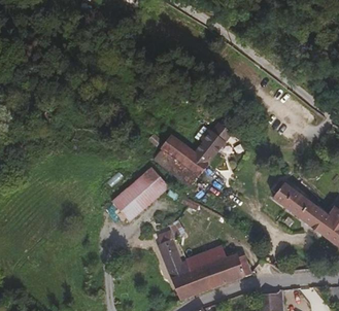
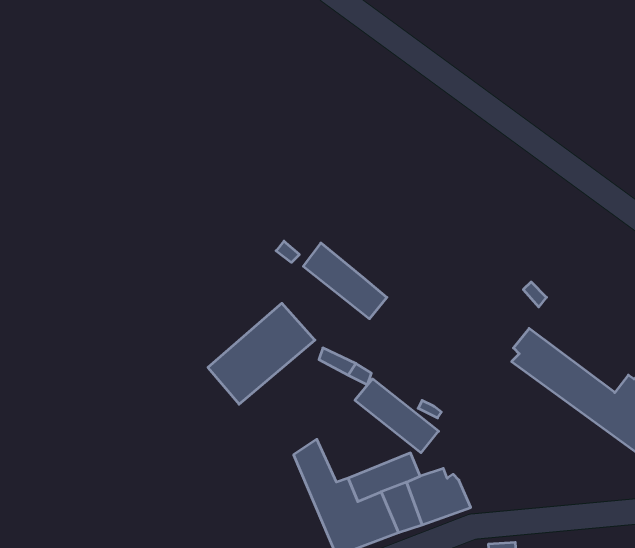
building: [195,129,225,163] -> none
building: [154,146,198,185] -> [355,379,439,453]

